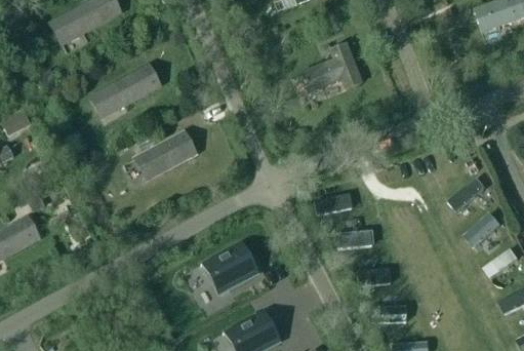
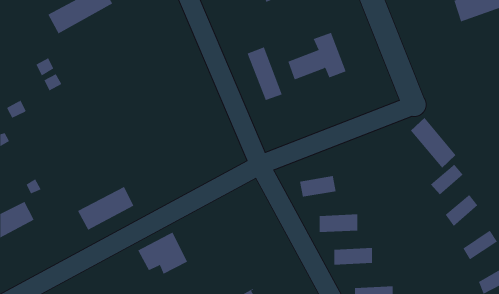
building: none -> [247,47,282,101]
building: [90,66,159,117] -> none
building: none -> [410,117,456,169]
building: [135,132,195,179] -> [77,186,134,231]
building: [203,239,257,285] -> [136,230,188,275]

